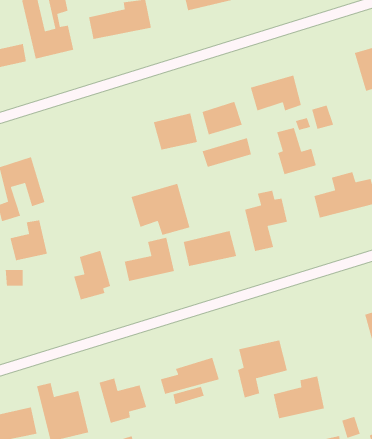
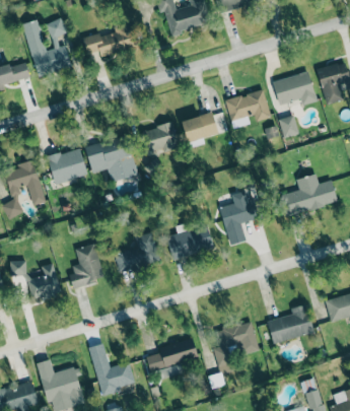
building: none -> [273,72,317,106]
building: [276,127,317,175] -> none
building: [202,137,252,168] -> none
building: none -> [48,148,87,185]
building: [131,183,191,236] -> [84,135,137,182]
building: [10,220,48,261] -> [27,264,61,300]
building: [273,375,325,419] -> [268,304,313,343]

